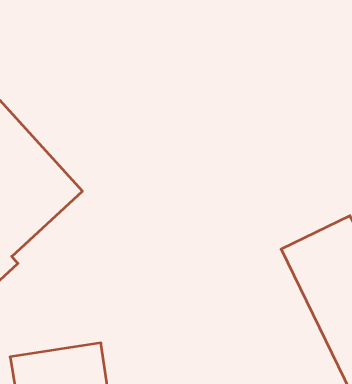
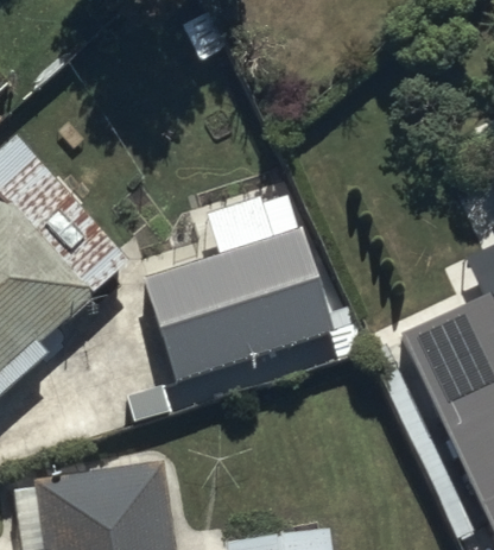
building: none -> [142,223,334,383]

